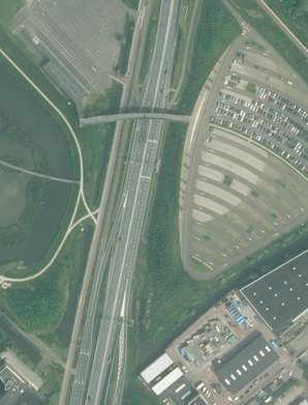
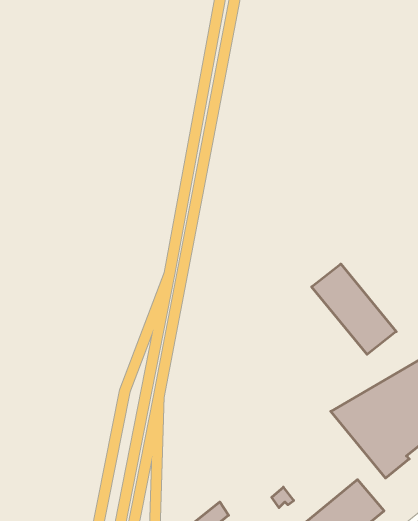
building: none -> [312,264,396,354]

